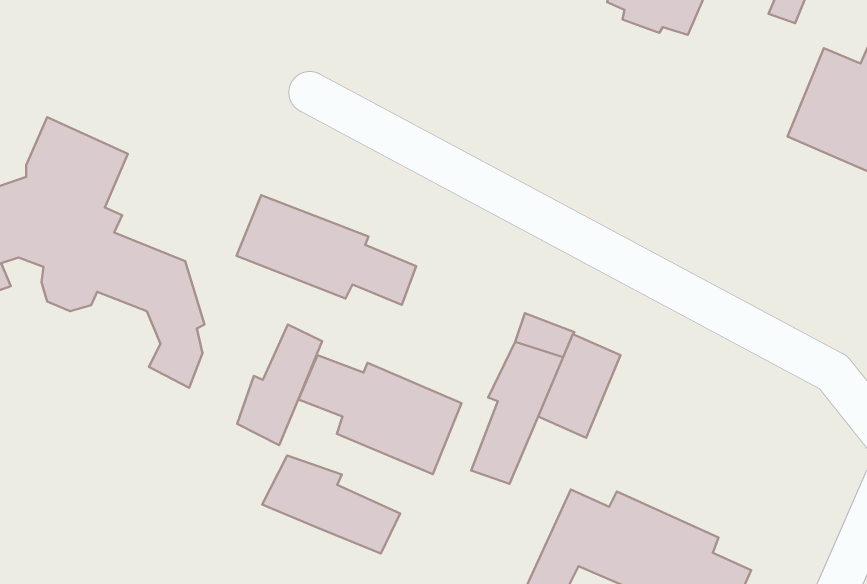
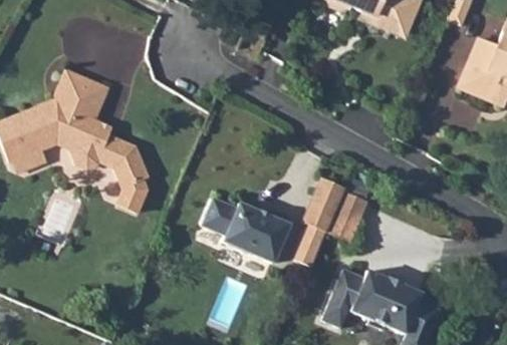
building: [236,195,416,305] -> none
building: [237,325,322,445] -> none
building: [262,455,400,554] -> none

